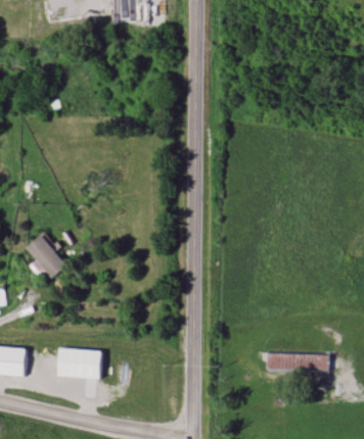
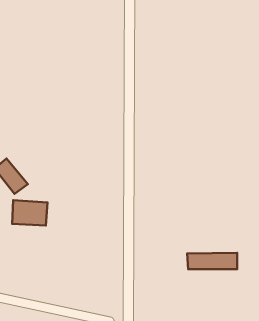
building: [58,347,102,379] -> [12,200,48,225]

